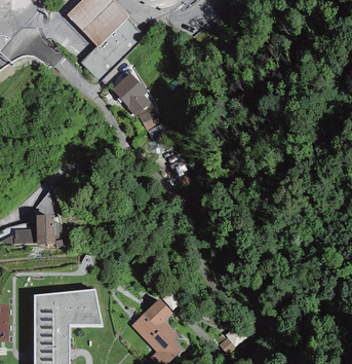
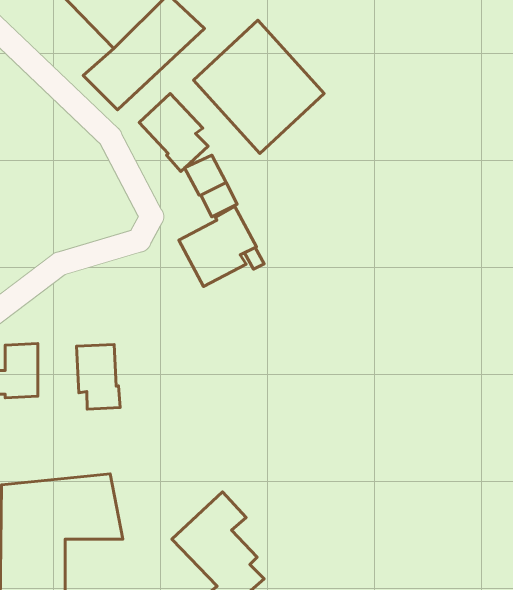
building: none -> [193,20,324,153]
building: none -> [179,206,256,286]
building: none -> [77,344,120,409]

